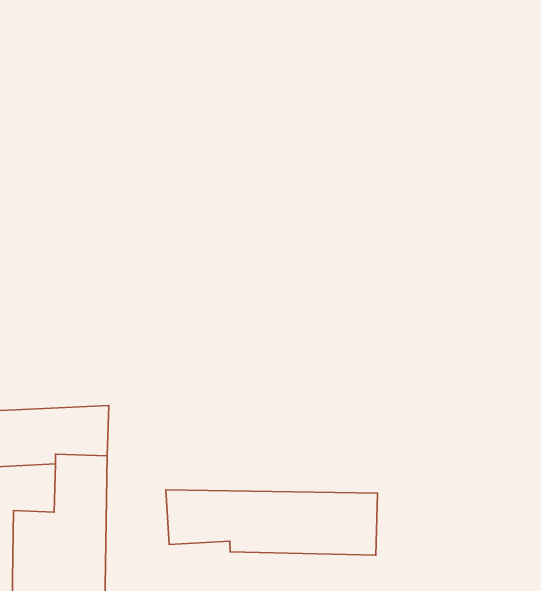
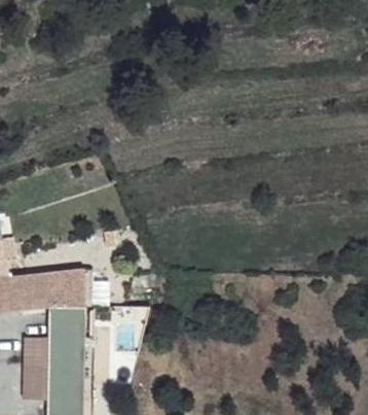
building: [166,490,378,555] -> none

